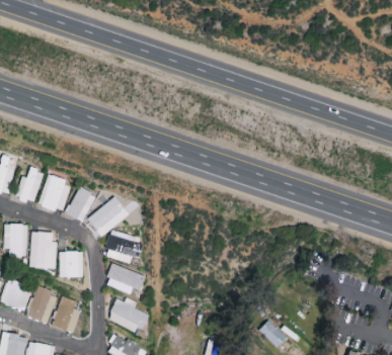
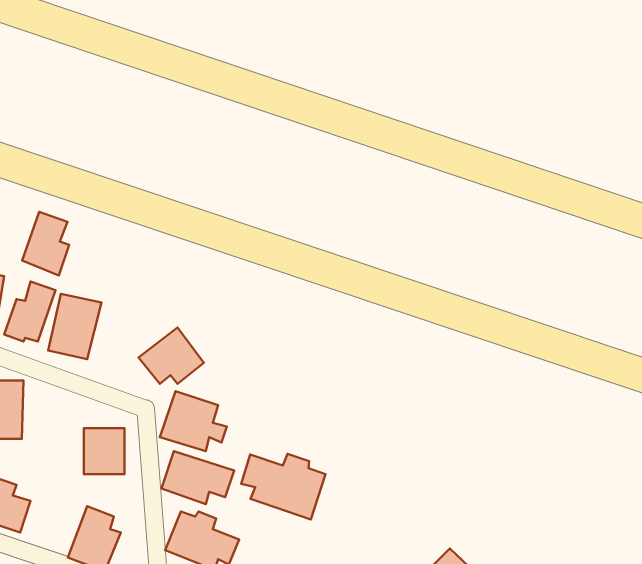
building: none -> [22,212,69,275]
building: [65,186,95,223] -> none
building: [29,231,57,268] -> none
building: none -> [241,454,326,520]
building: [26,286,58,324] -> none

